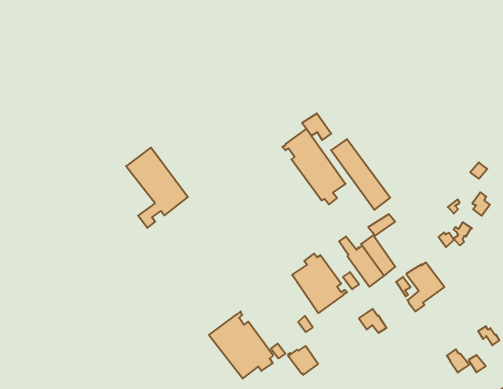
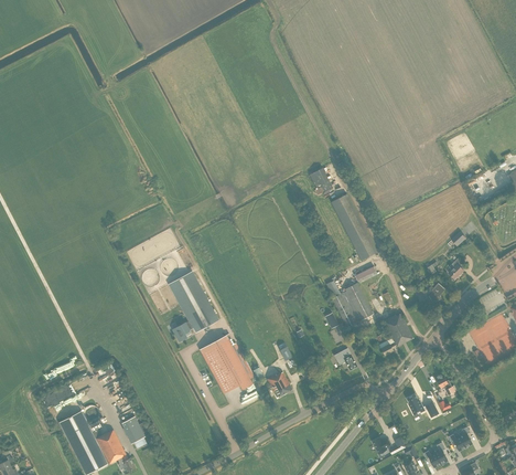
building: [282,129,346,204] -> none
building: [126,148,188,228] -> [166,270,217,340]
building: [292,254,347,313] -> none

